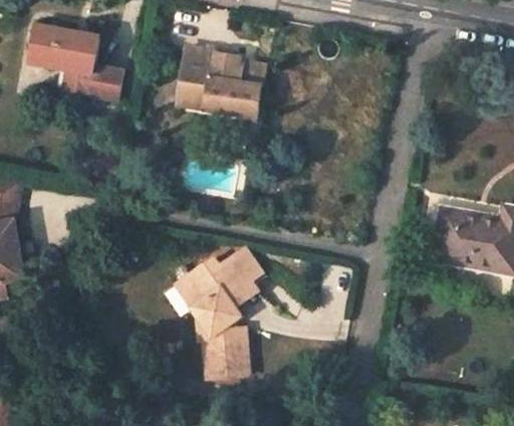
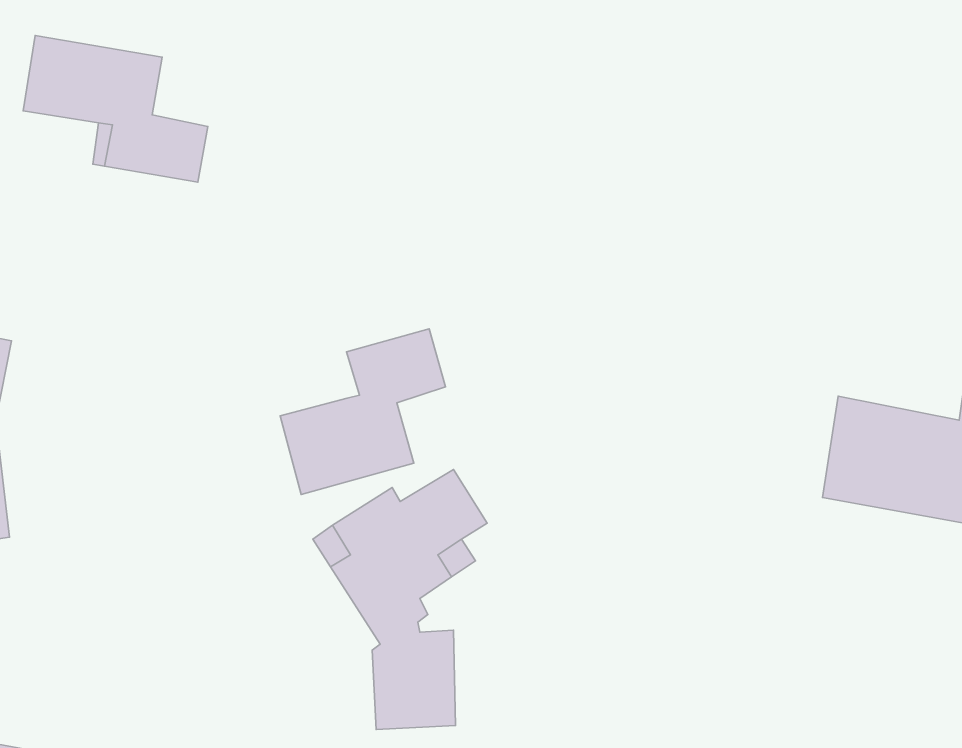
building: [178,45,266,117] -> none
building: none -> [280,329,446,495]

